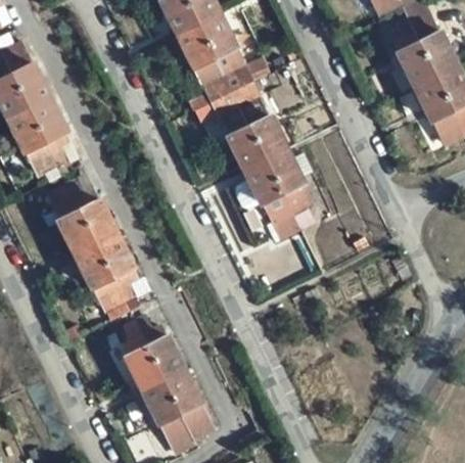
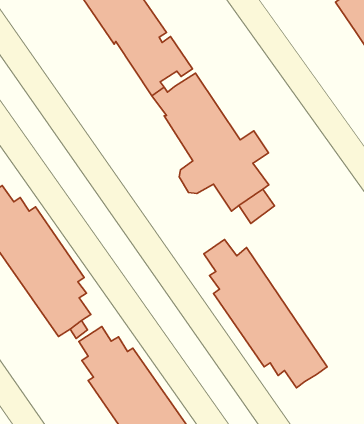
building: none -> [204,239,327,388]

